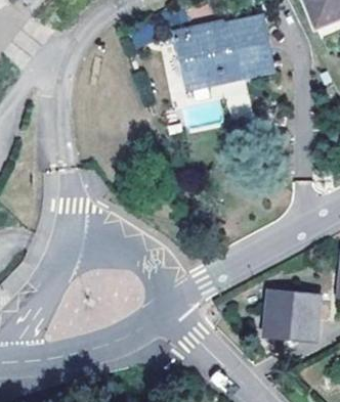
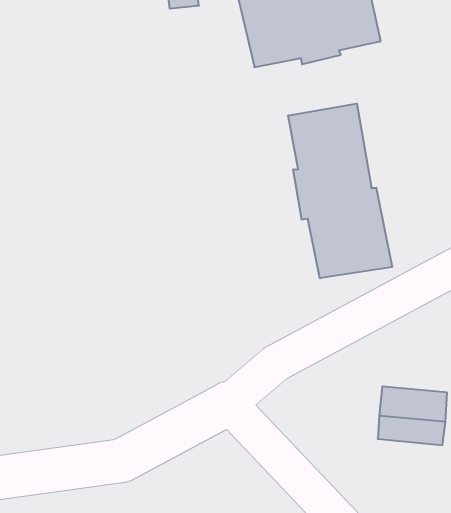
building: none -> [288,104,392,278]

